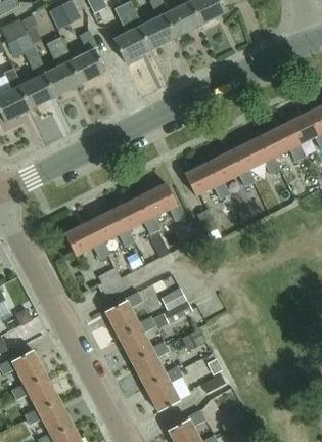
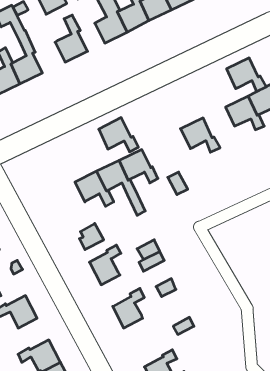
building: [42,36,79,96] -> none
building: [235,135,280,173] -> [227,58,266,91]
building: [184,160,229,198] -> [99,118,138,152]
building: [63,220,108,259] -> none
building: [120,317,155,361] -> none
building: [145,365,182,411] -> none
building: [12,374,60,410] -> none

